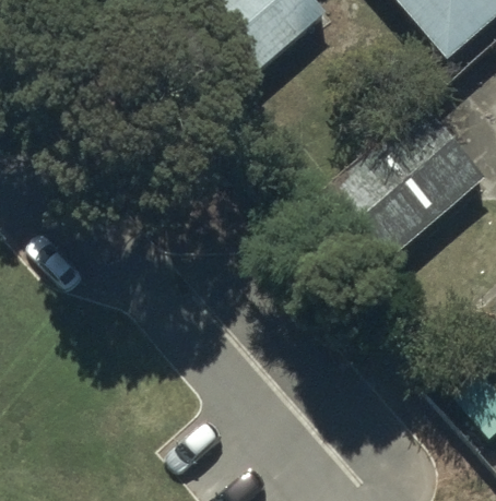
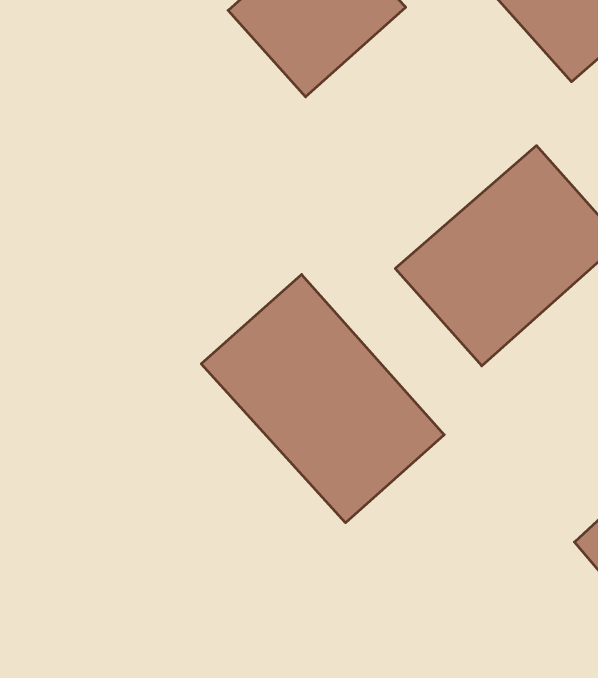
building: none -> [201,274,444,523]

